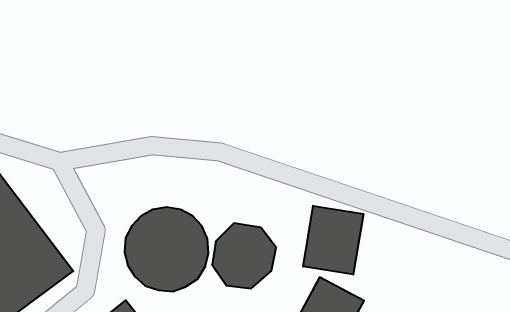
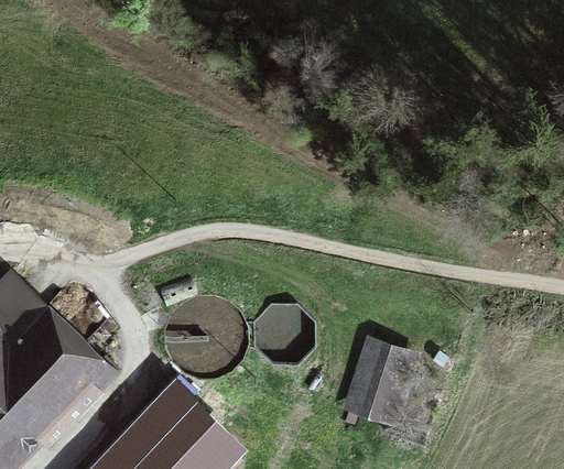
building: [303,206,363,275] -> none

